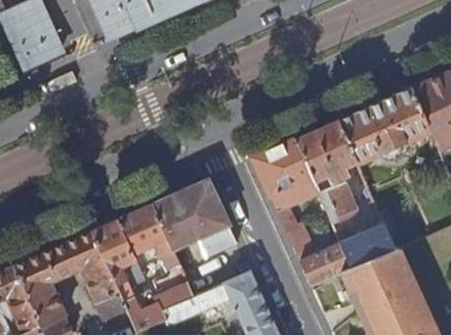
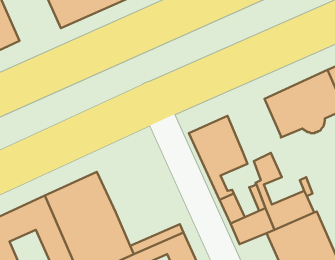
building: [298,120,359,182] -> none
building: [150,177,235,258] -> none

